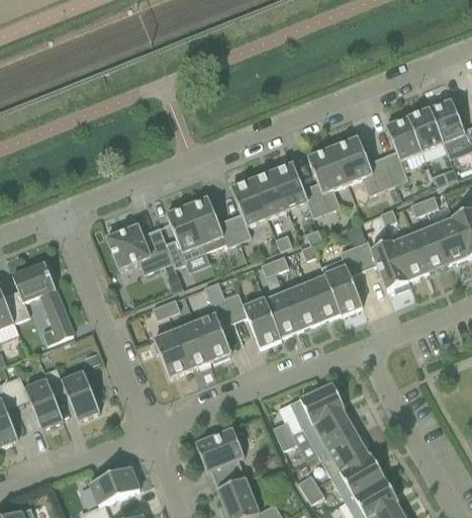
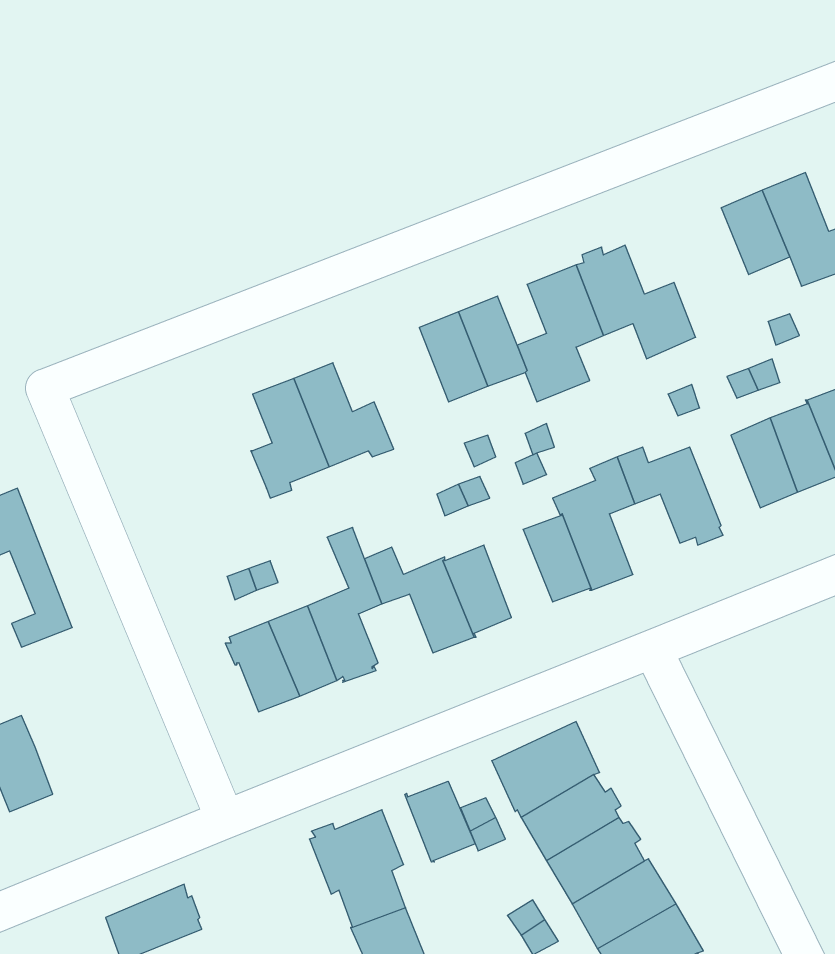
building: [383,115,421,184] -> none
building: [228,178,267,242] -> none
building: [106,225,173,274] -> none
building: [391,235,428,281] -> none
building: [285,283,320,329] -> none
building: [44,367,99,421] -> none
building: none -> [405,781,475,862]

